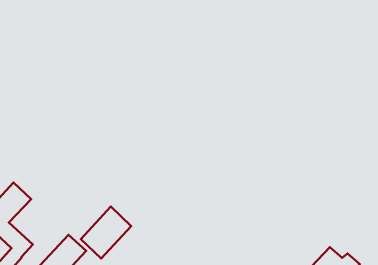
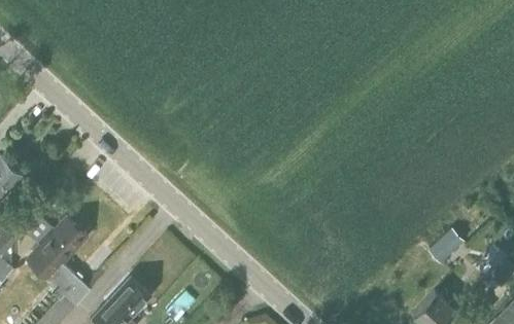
building: none -> [427,228,462,261]
building: [81,207,131,259] -> none

